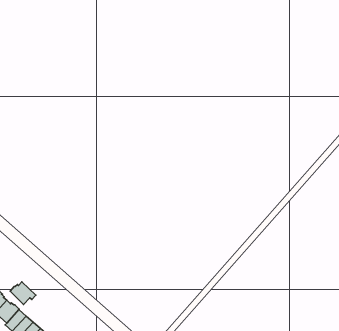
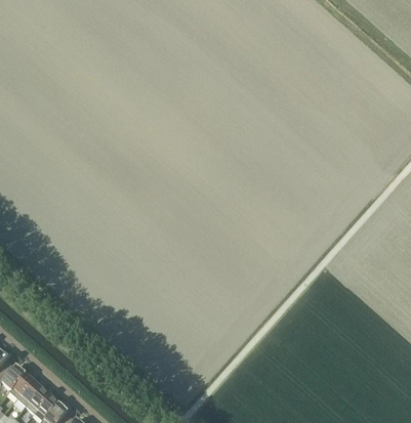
building: [10,282,36,304] -> none

